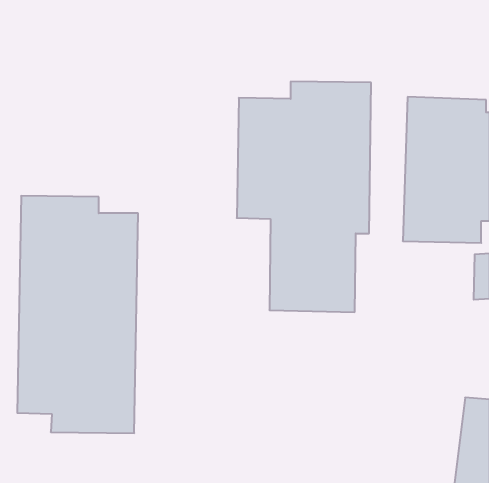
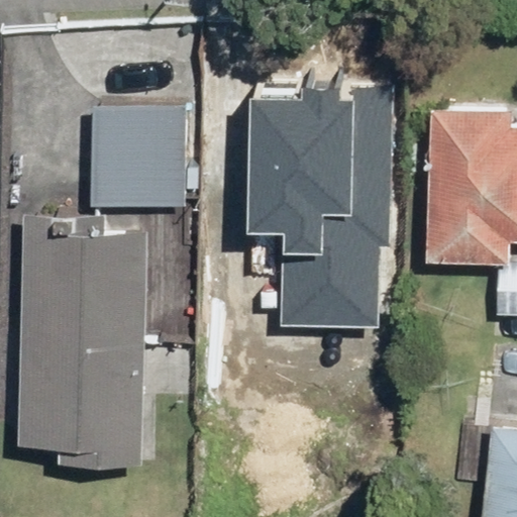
building: none -> [89,106,189,207]

